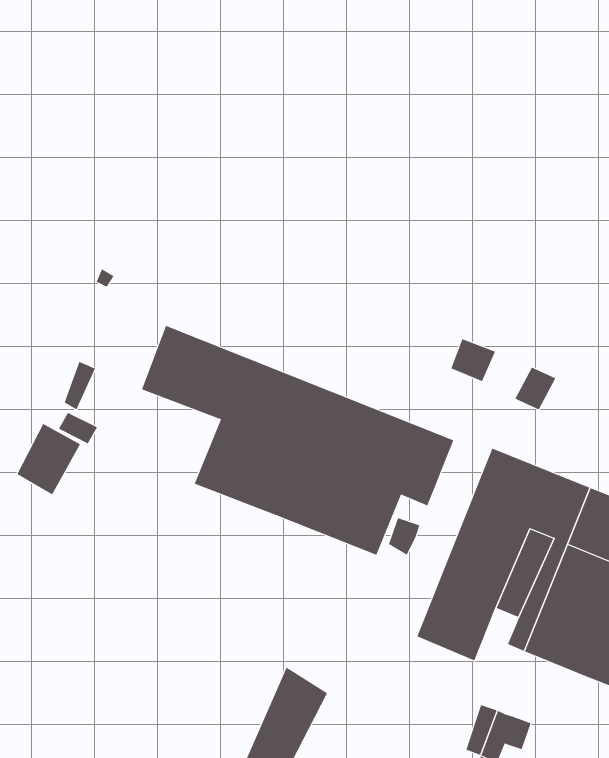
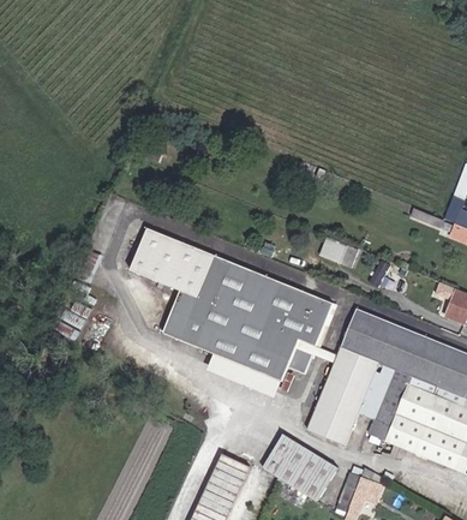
building: none -> [211,352,282,396]
building: none -> [265,435,339,500]

